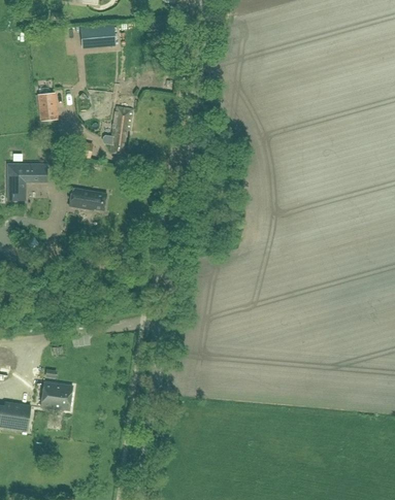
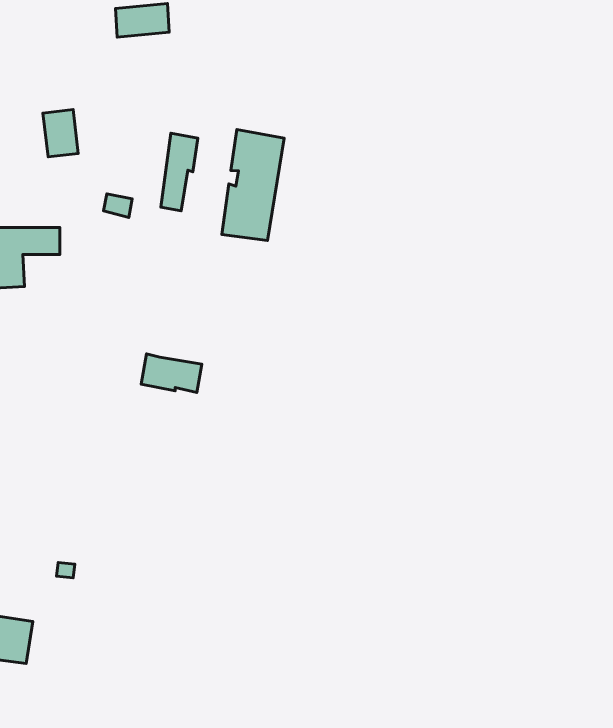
building: none -> [222,130,284,241]
building: [69,187,106,210] -> [141,354,202,393]
building: [39,381,71,409] -> none

